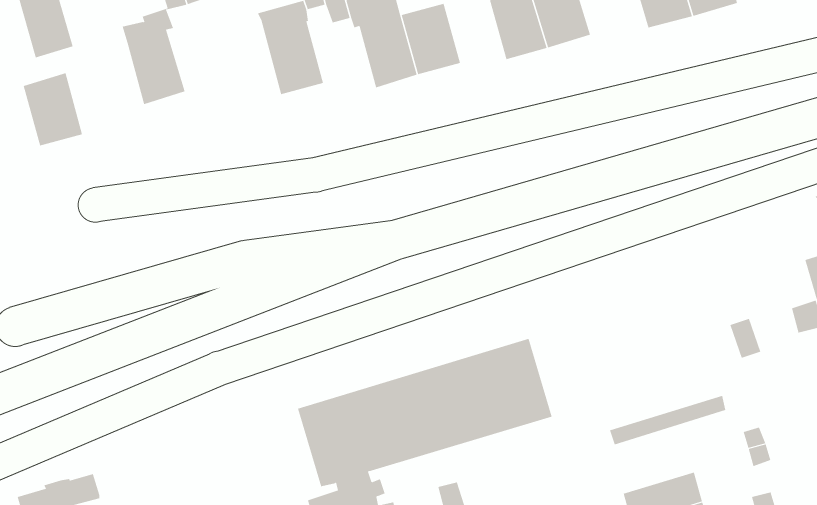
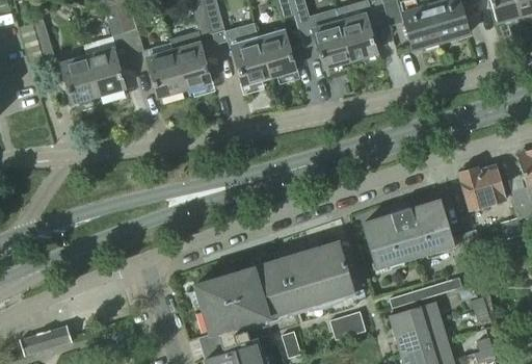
building: none -> [145,43,184,97]
building: [23,73,83,146] -> [61,57,99,103]
building: none -> [459,164,505,209]
building: none -> [362,200,456,274]
building: none -> [390,301,442,338]
building: none -> [329,311,366,339]

